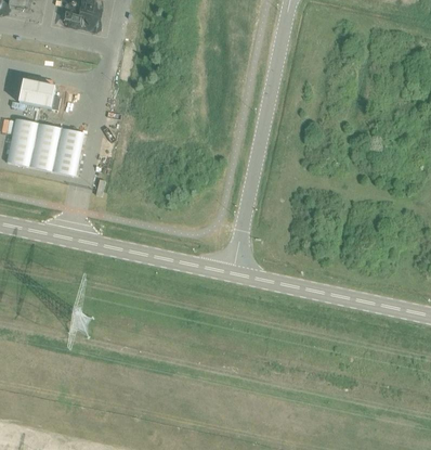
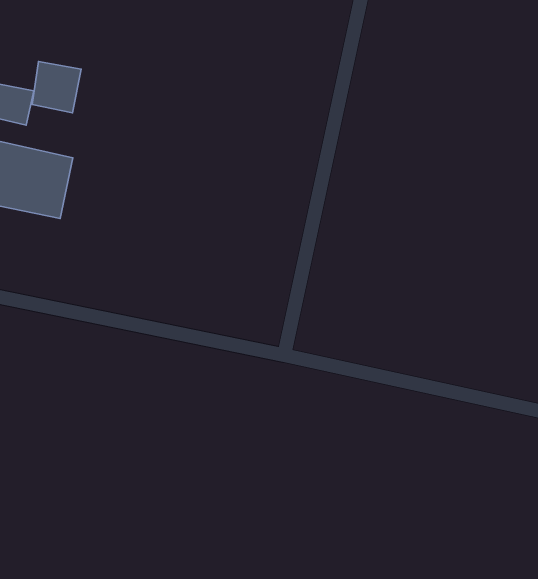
building: none -> [32,62,81,113]

